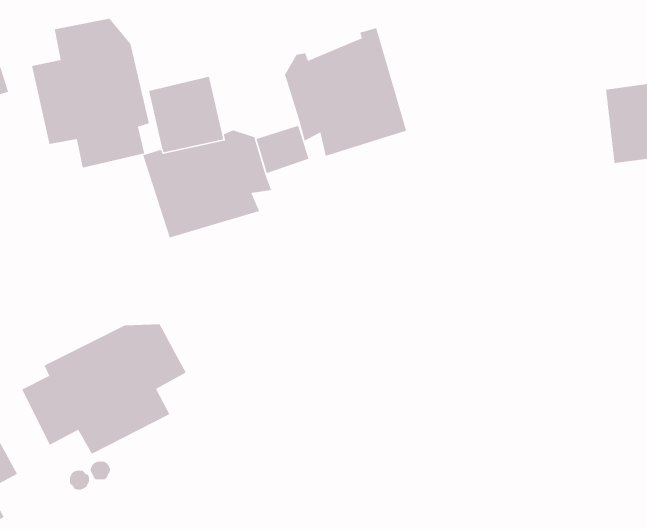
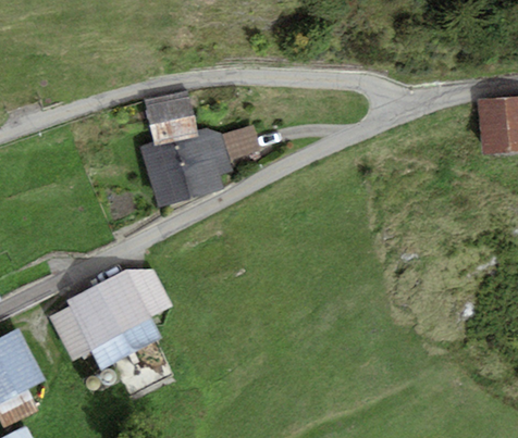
building: [31,18,150,168] -> none
building: [284,27,407,157] -> none

